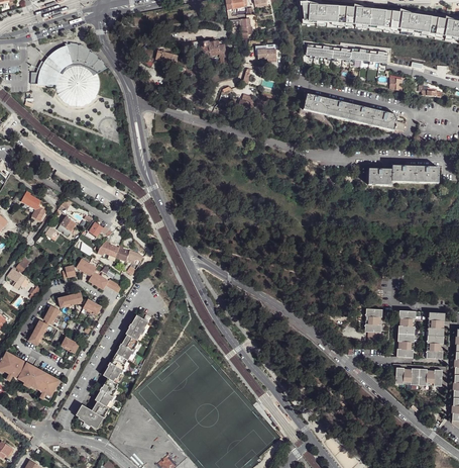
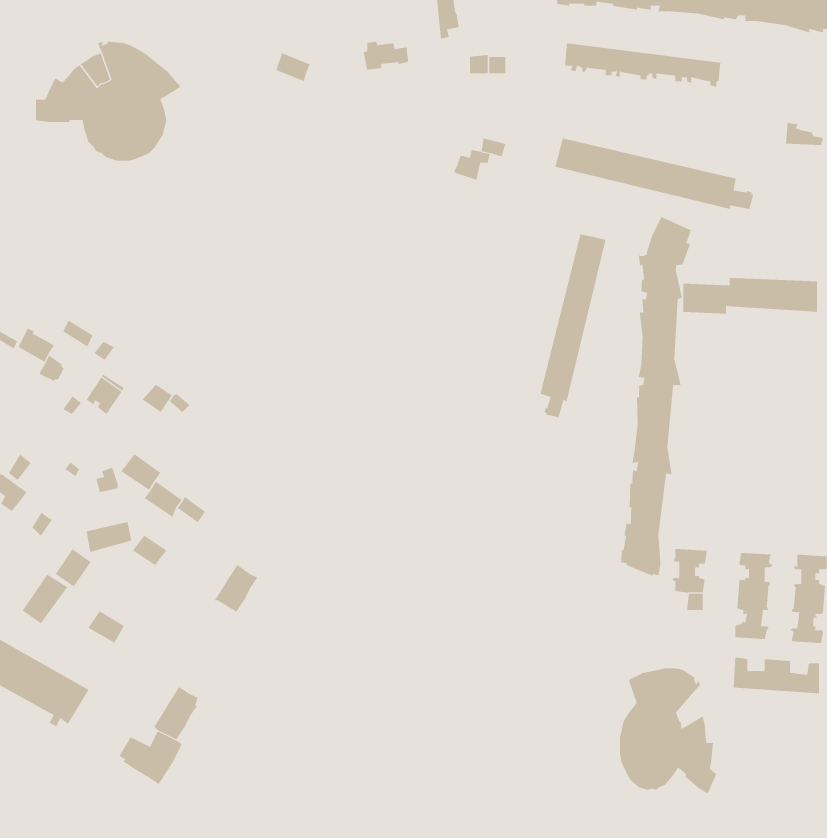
building: none -> [621,216,691,577]
building: none -> [540,233,606,418]
building: [100,240,143,264] -> none
building: [102,334,138,382] -> none
building: none -> [619,668,717,795]

